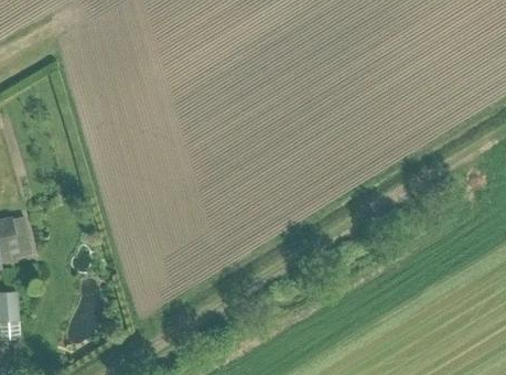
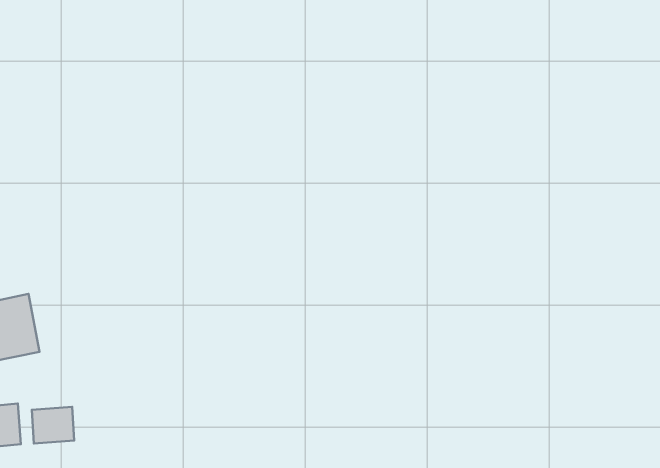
building: none -> [32,407,74,443]

